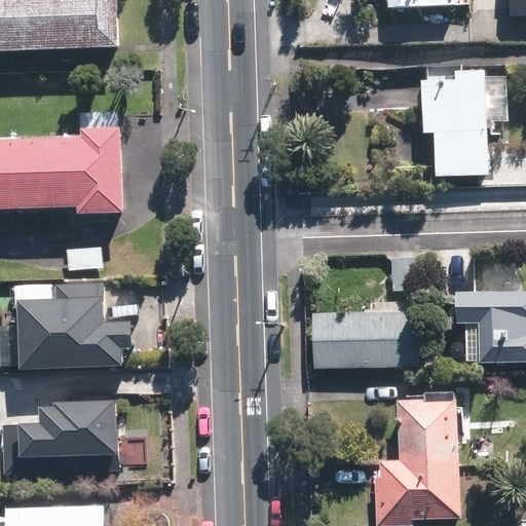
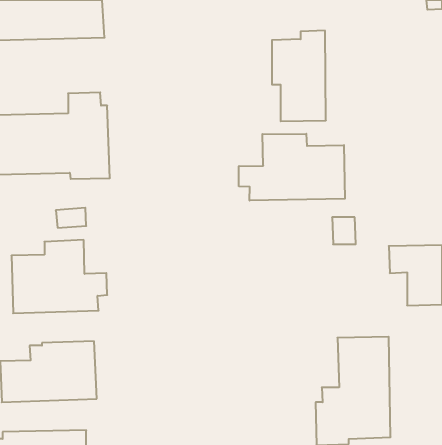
building: [423,64,487,171] -> [272,31,326,121]
building: none -> [239,134,345,201]
building: [312,308,421,366] -> none

